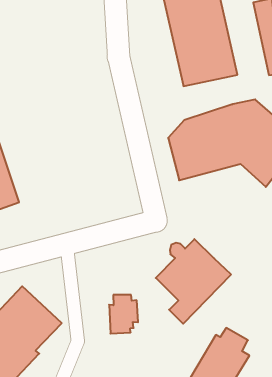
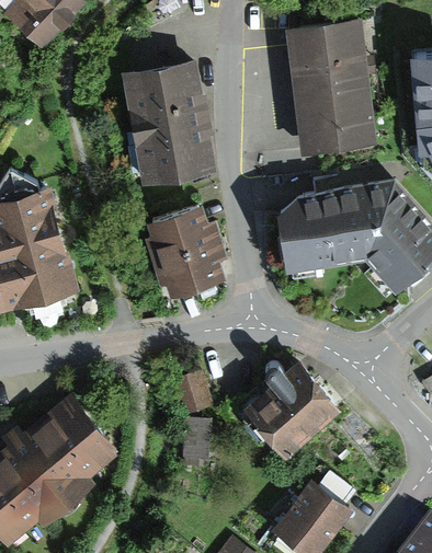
building: none -> [122,64,215,187]
building: none -> [140,205,228,296]
building: none -> [169,370,213,415]

